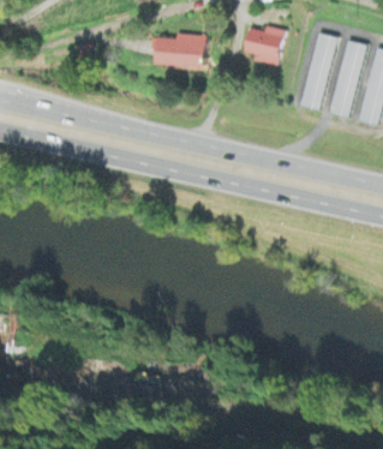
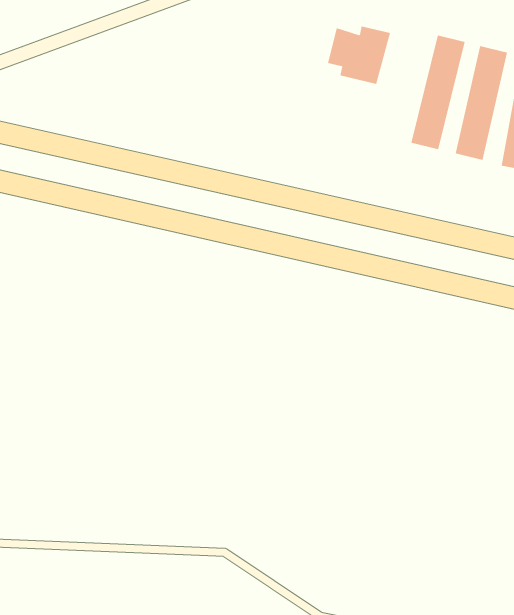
building: [149,35,204,67] -> none

